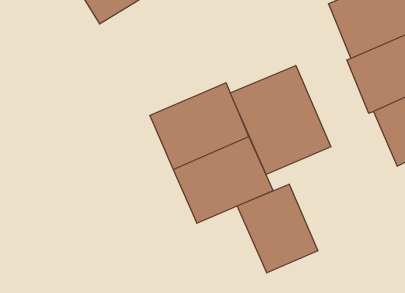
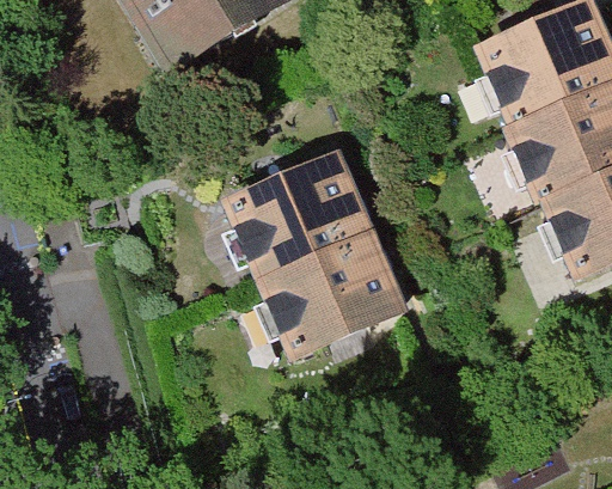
building: [230,65,331,175] -> none
building: [237,184,318,273] -> none

